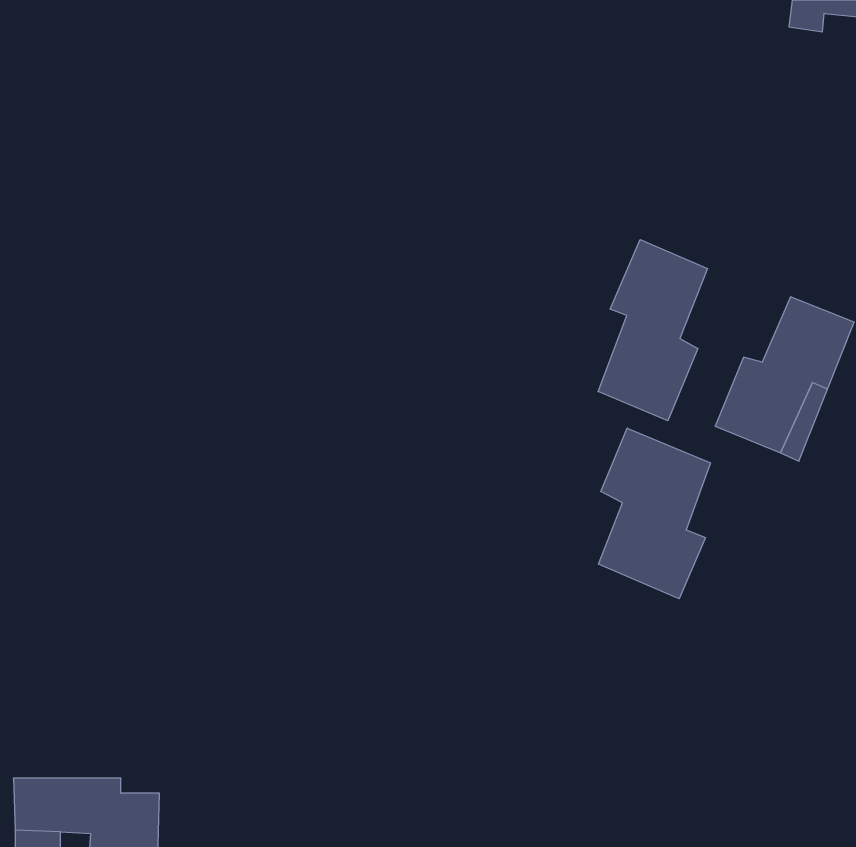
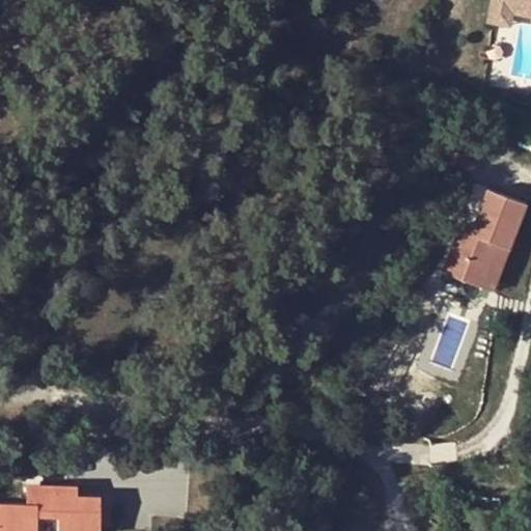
building: [598,240,707,421] -> none
building: [599,428,710,599] -> none

